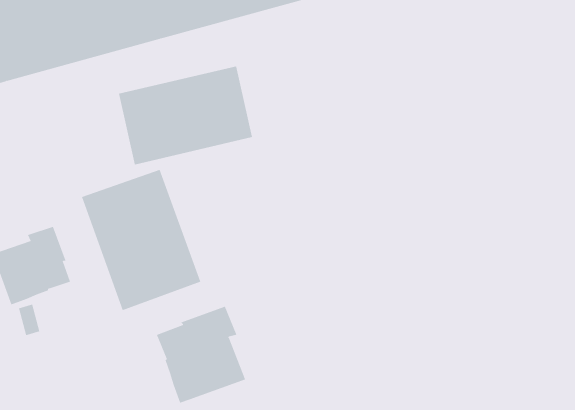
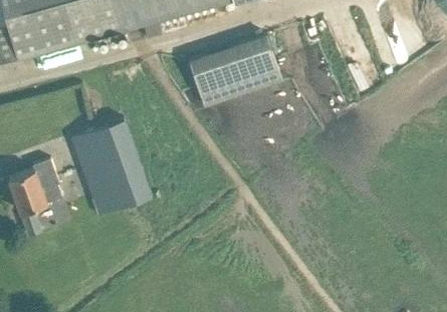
building: [118,66,253,165] -> [196,36,288,104]
building: [156,306,246,404] -> none

